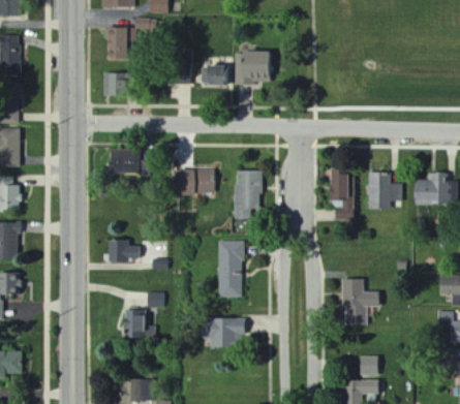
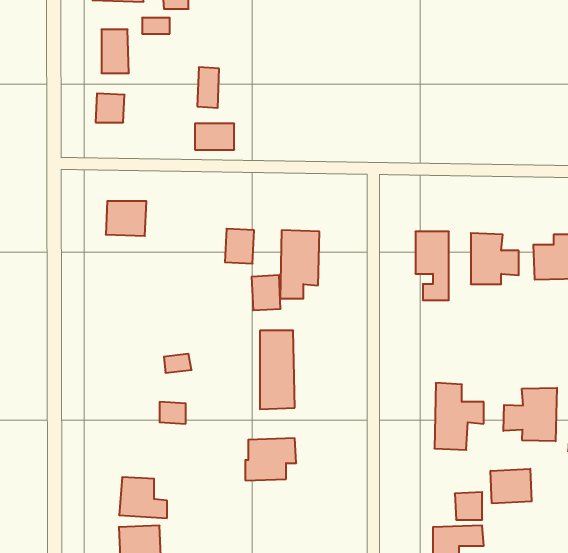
building: [235,51,273,84] -> none
building: [200,65,227,84] -> [195,124,234,150]
building: [173,170,193,195] -> [252,275,281,310]
building: [108,240,142,260] -> none
building: none -> [503,388,557,441]
building: [122,310,156,339] -> [119,477,167,518]
building: none -> [491,469,532,503]

